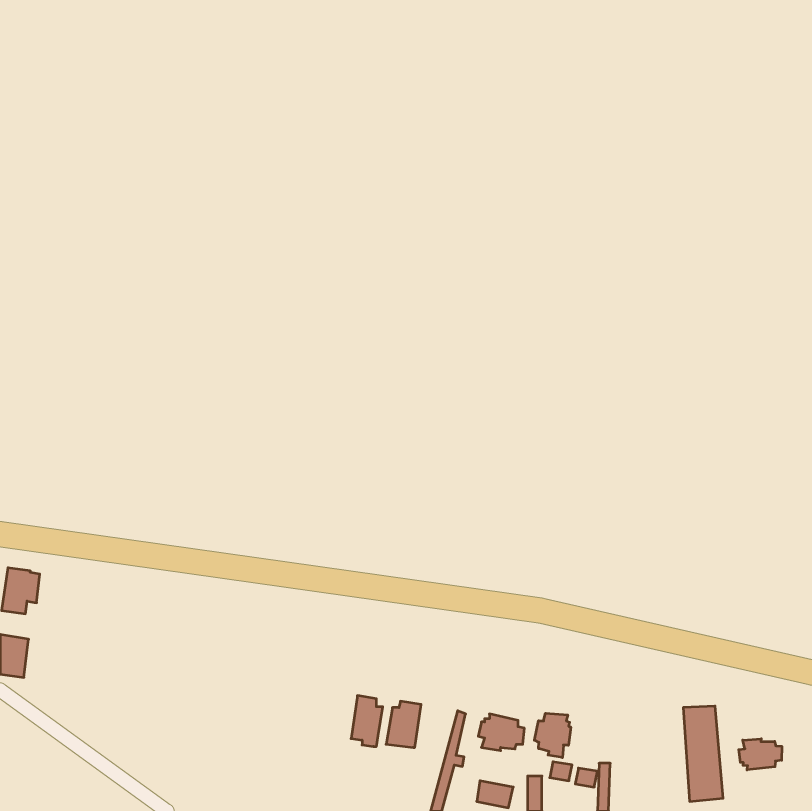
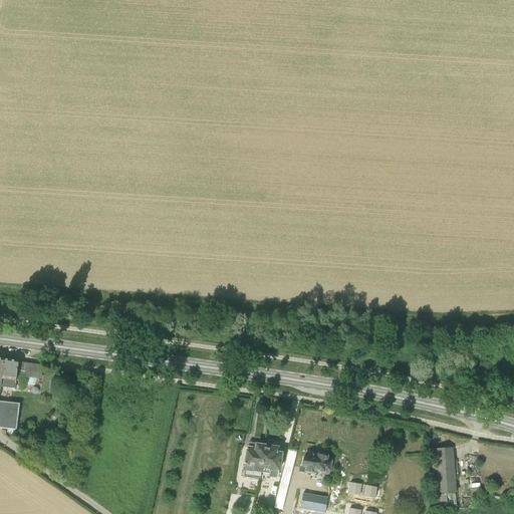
building: [351,696,383,746] -> [262,445,282,477]
building: [534,713,571,758] -> none
building: [739,739,782,770] -> none

